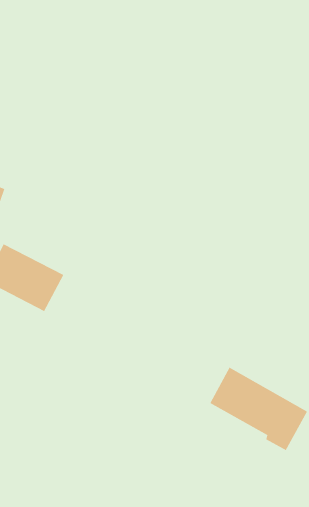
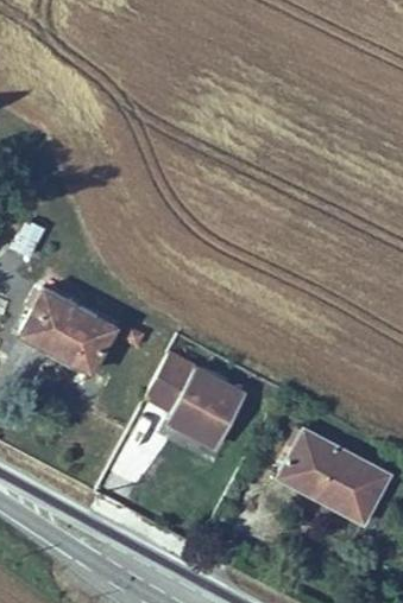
building: none -> [143,354,244,442]

